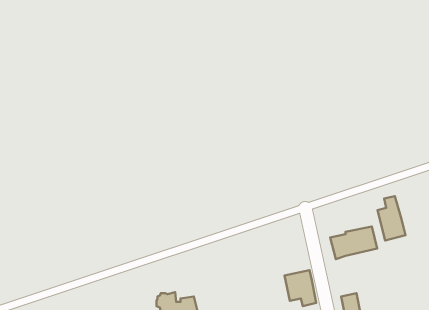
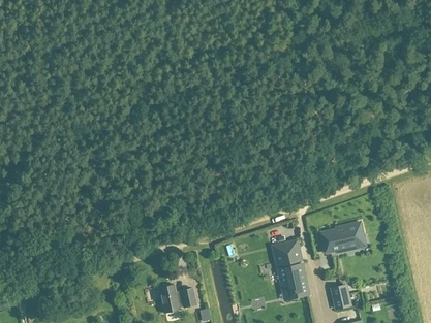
building: [377,196,406,240] -> none
building: none -> [272,240,300,265]

